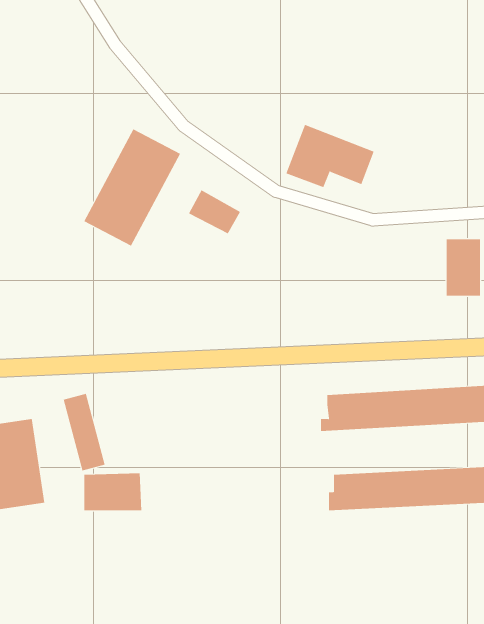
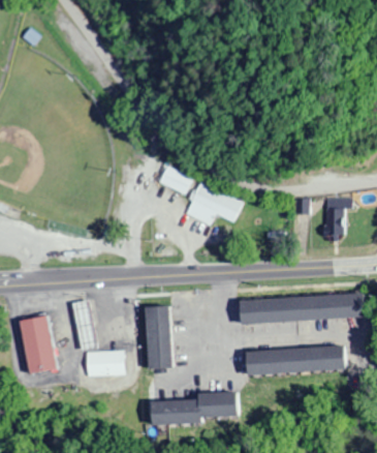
building: [286,124,375,188] -> [178,184,235,225]
building: [84,128,181,247] -> none
building: none -> [149,306,175,368]
building: none -> [149,395,241,423]

